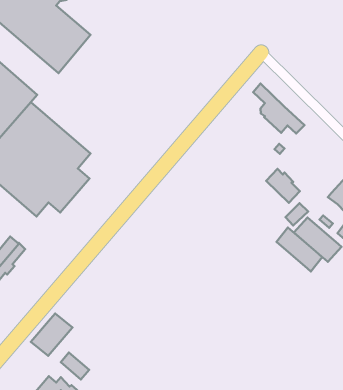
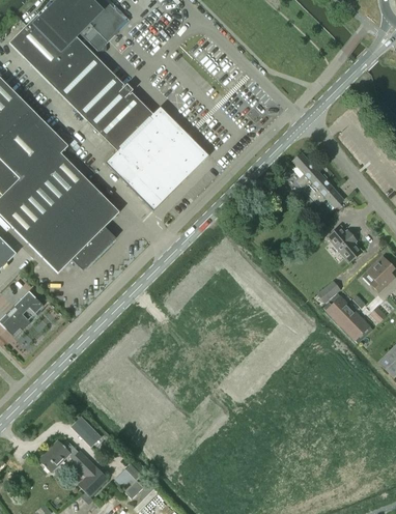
building: none -> [91,87,208,209]
building: [266,169,300,203] -> [328,225,362,261]
building: [277,228,322,271] -> none
building: [31,313,72,356] -> none

